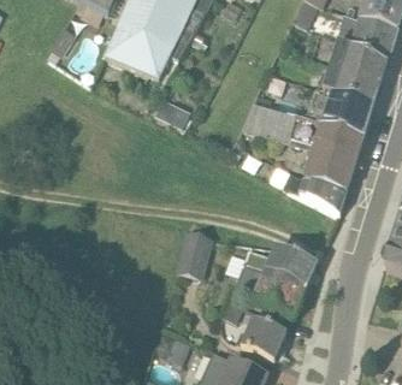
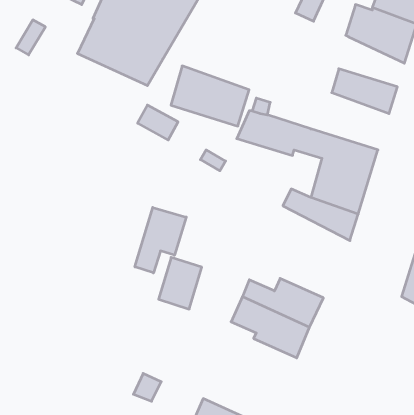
building: [330,37,386,81] -> none
building: [306,83,373,135] -> [171,66,249,126]
building: none -> [135,207,186,273]
building: [236,315,286,357] -> none

